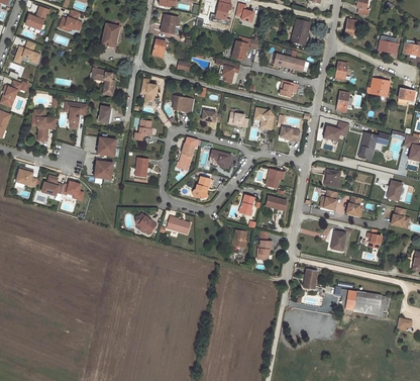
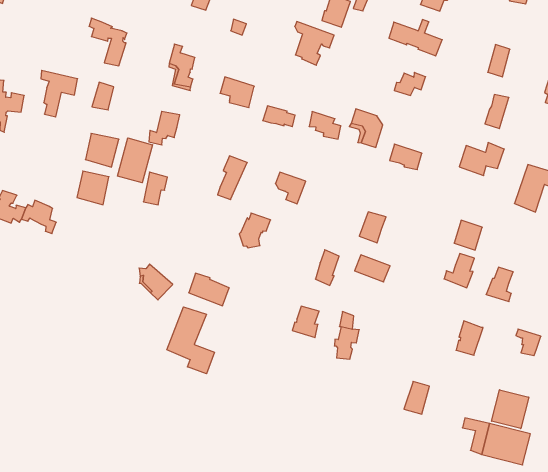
building: none -> [118,138,153,183]
building: none -> [167,307,215,374]
building: none -> [492,390,529,429]

